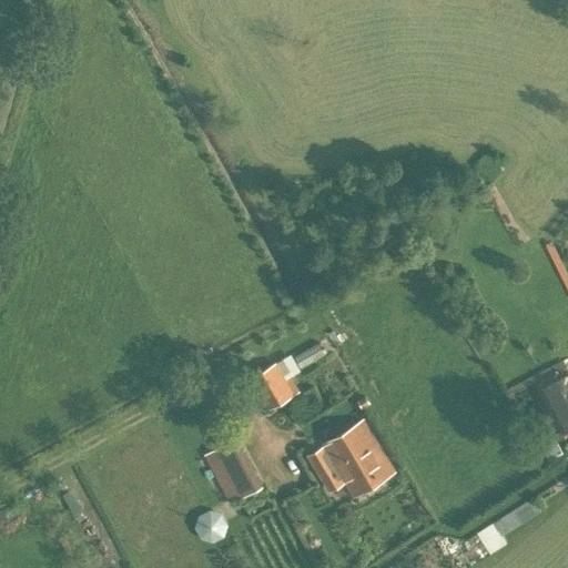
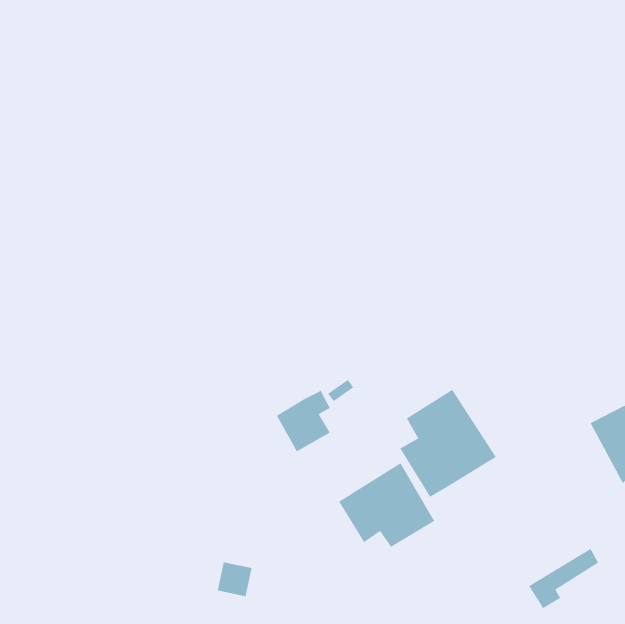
building: none -> [399,389,497,498]
building: [205,439,263,505] -> none

